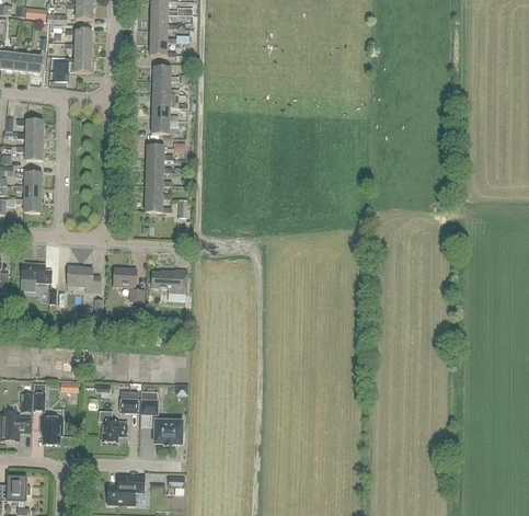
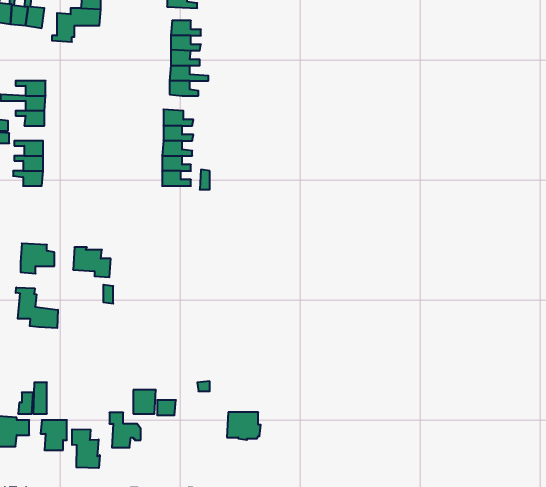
building: [113,267,142,301] -> none
building: [151,271,185,301] -> none
building: none -> [16,287,58,328]
building: [153,420,183,444] -> [227,412,261,440]
building: none -> [72,429,100,468]

